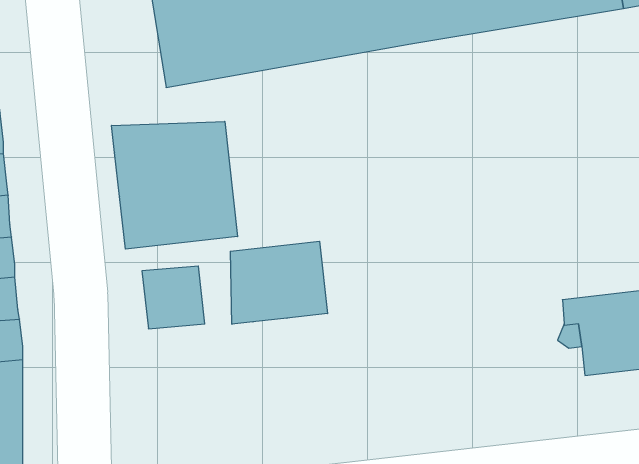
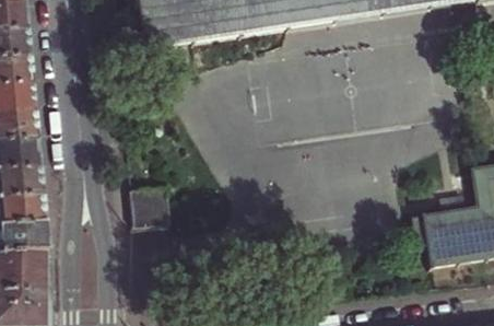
building: [112,121,238,249] -> none
building: [230,241,328,324] -> none

